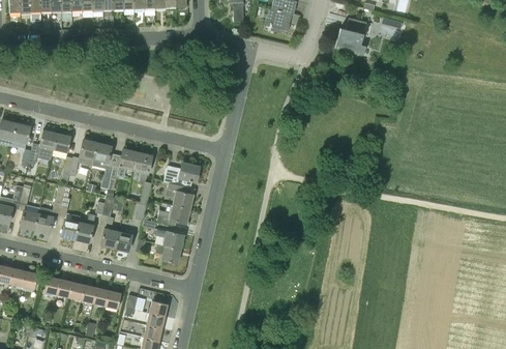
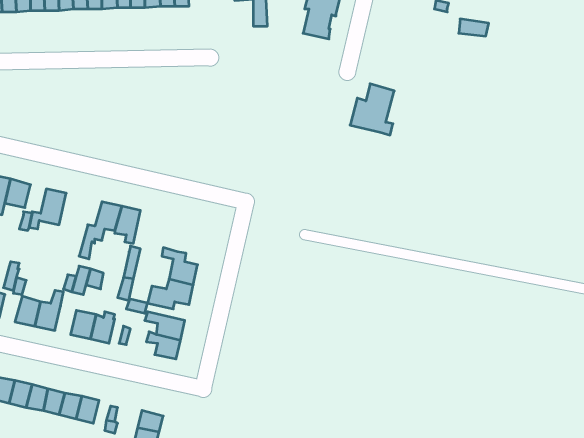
building: [334,18,366,55] -> [350,84,394,135]
building: [92,143,113,188] -> none
building: [162,163,200,187] -> none

